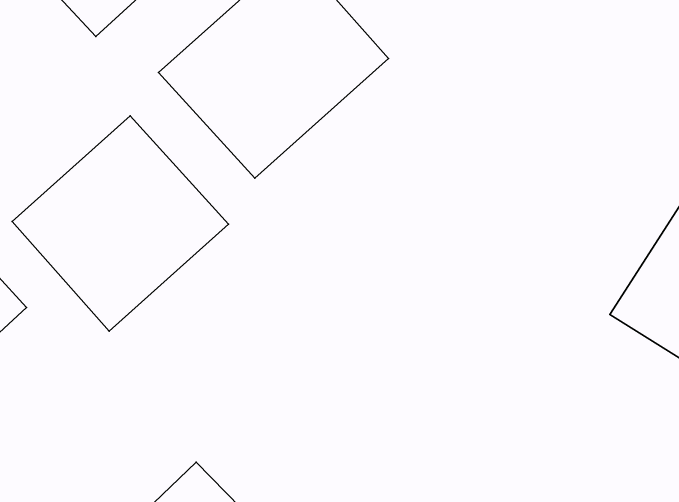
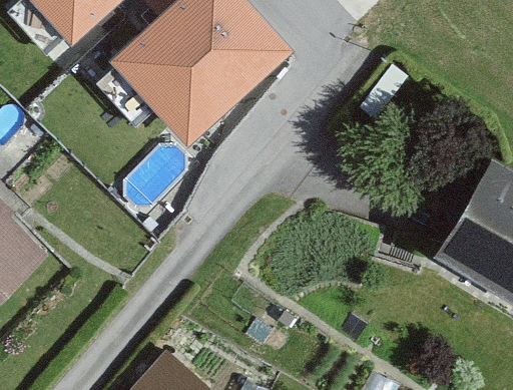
building: [12,116,229,331] -> none

